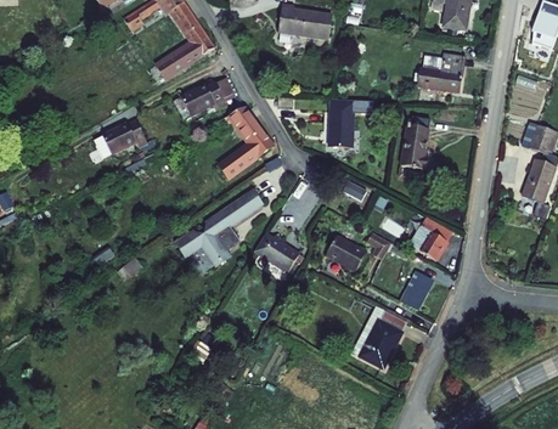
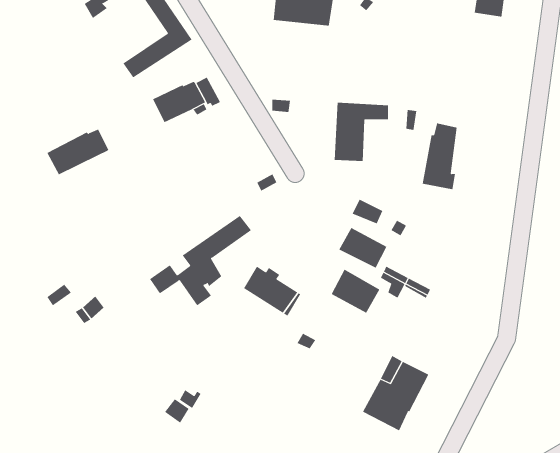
building: [416,55,463,92] -> none
building: [219,108,272,179] -> none
building: none -> [338,227,387,269]
building: [408,218,452,261] -> none
building: [400,272,430,311] -> none

